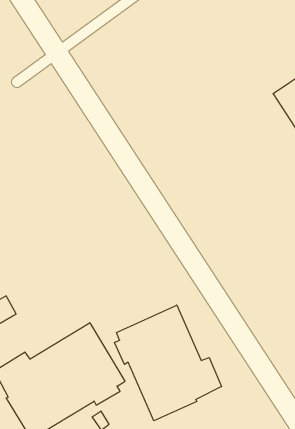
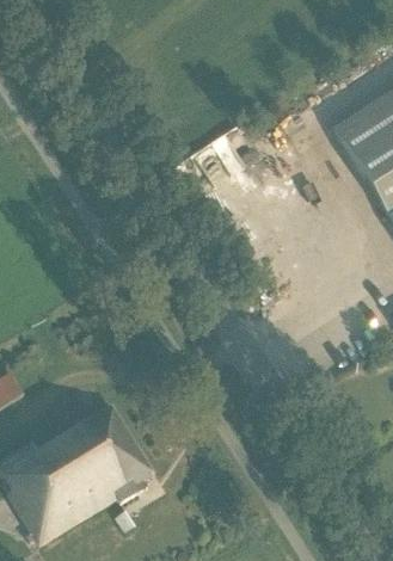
building: [114,305,222,421] -> none

